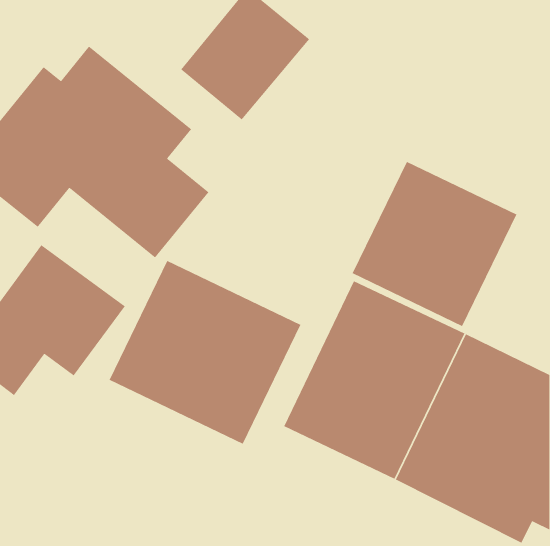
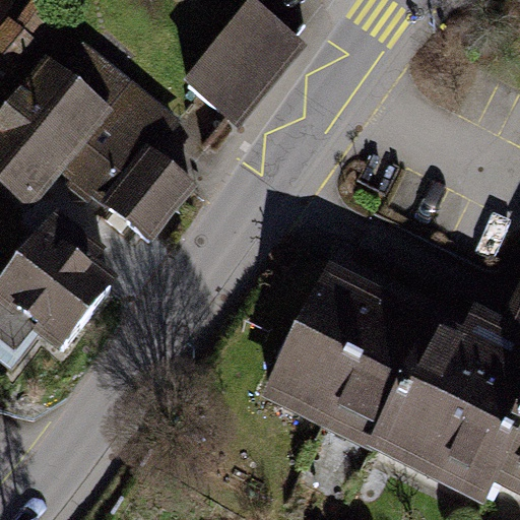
building: [352,161,517,327] -> none
building: [108,260,302,445] -> none

